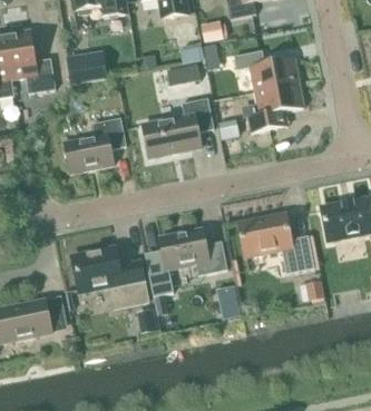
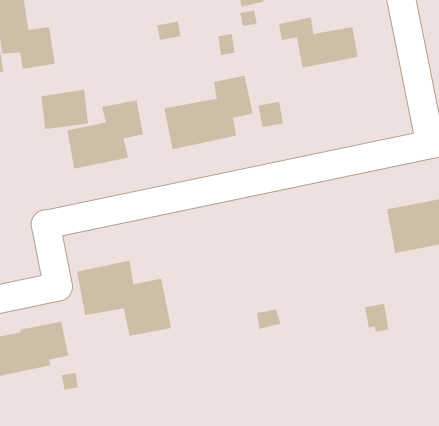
building: [68,50,107,82] -> [40,89,89,129]
building: [242,82,304,133] -> none
building: [238,213,315,273] -> none
building: [145,228,228,296] -> none

